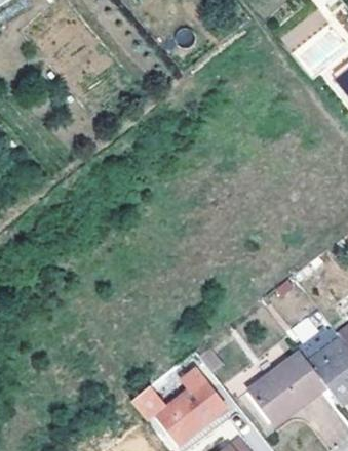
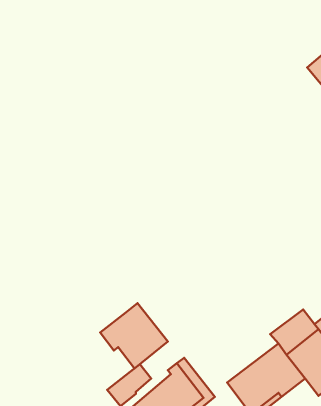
building: none -> [100,303,168,368]

